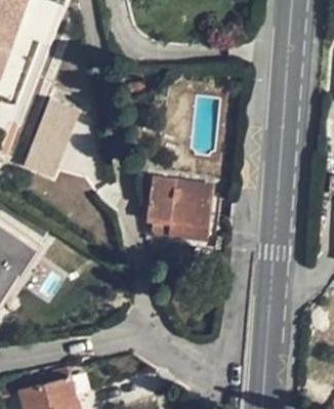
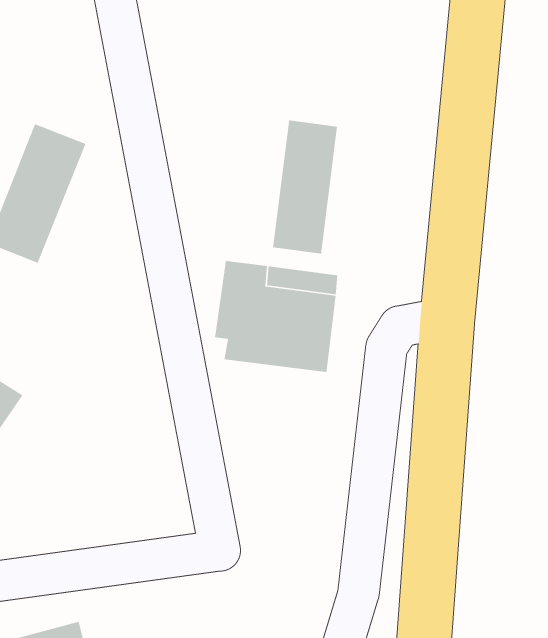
building: none -> [272,119,338,255]

